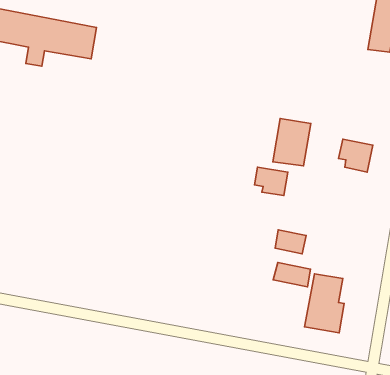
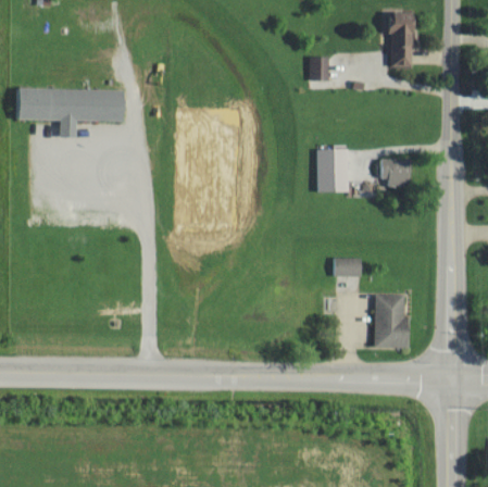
building: none -> [309,55,328,80]
building: [255,167,288,196] -> none
building: [273,262,311,287] -> none

